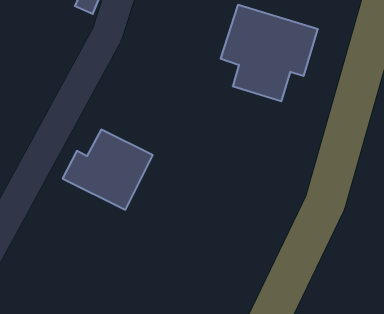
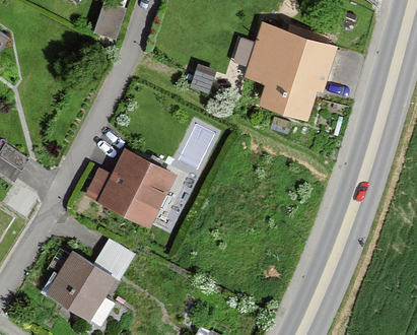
building: none -> [44,239,137,322]

